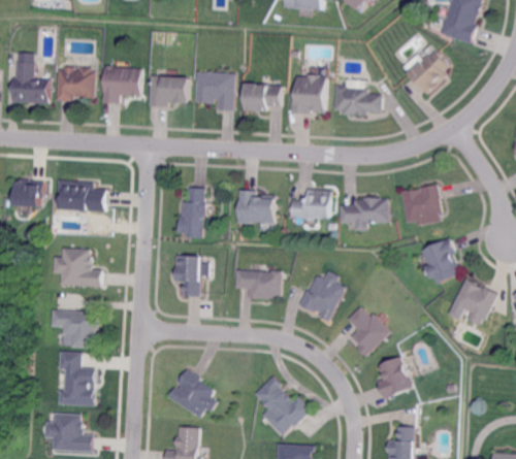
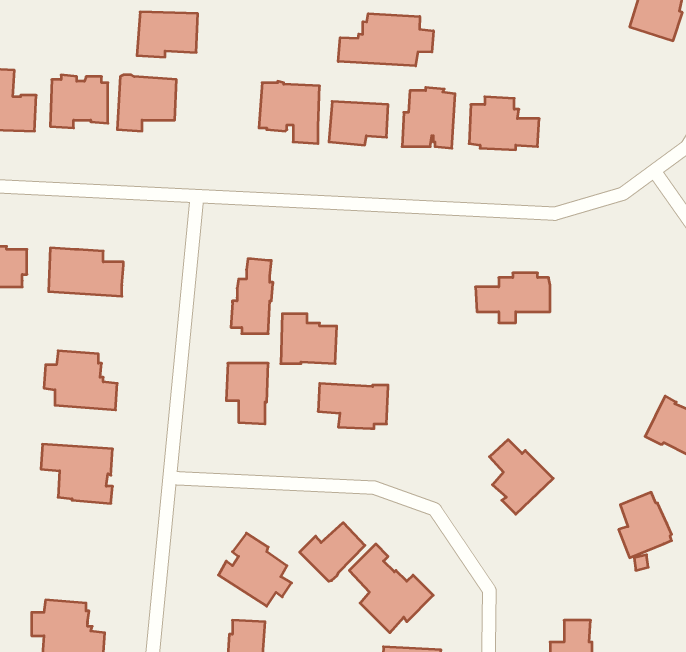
building: none -> [338,14,433,66]
building: [406,51,448,95] -> none
building: [148,76,188,106] -> [137,12,198,57]
building: [399,185,441,223] -> none
building: [289,190,330,221] -> none
building: [237,191,275,224] -> [281,314,337,364]
building: [421,238,456,285] -> none
building: [298,271,345,321] -> none
building: [59,352,95,406] -> none
building: [377,357,412,400] -> [619,492,672,558]
building: none -> [300,523,365,581]

